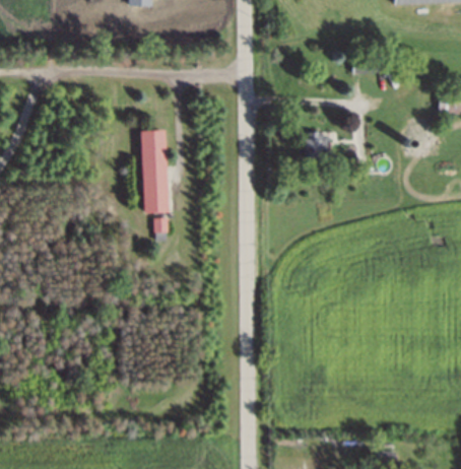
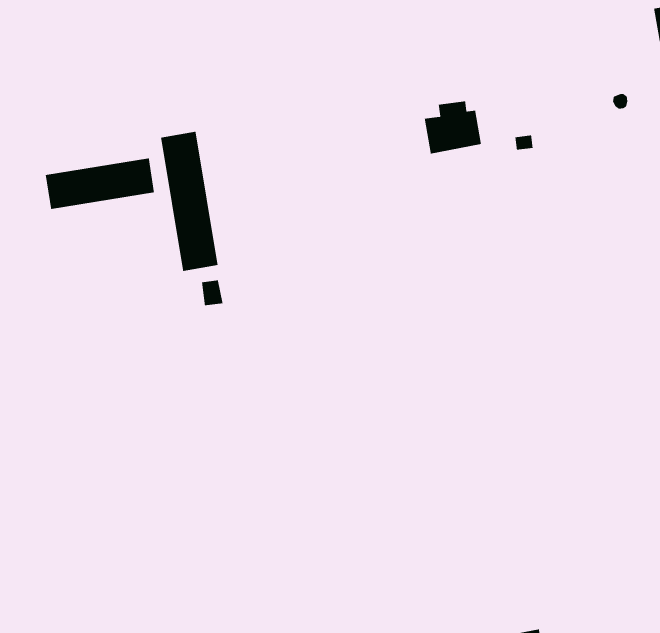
building: none -> [45,157,155,210]

